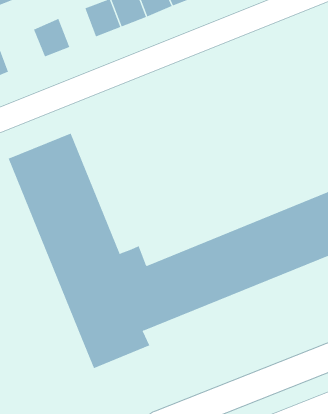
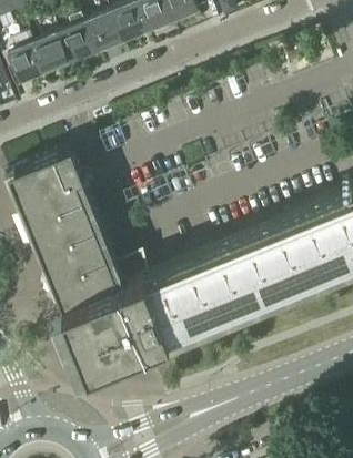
building: none -> [60,29,97,68]
building: none -> [8,41,46,89]

